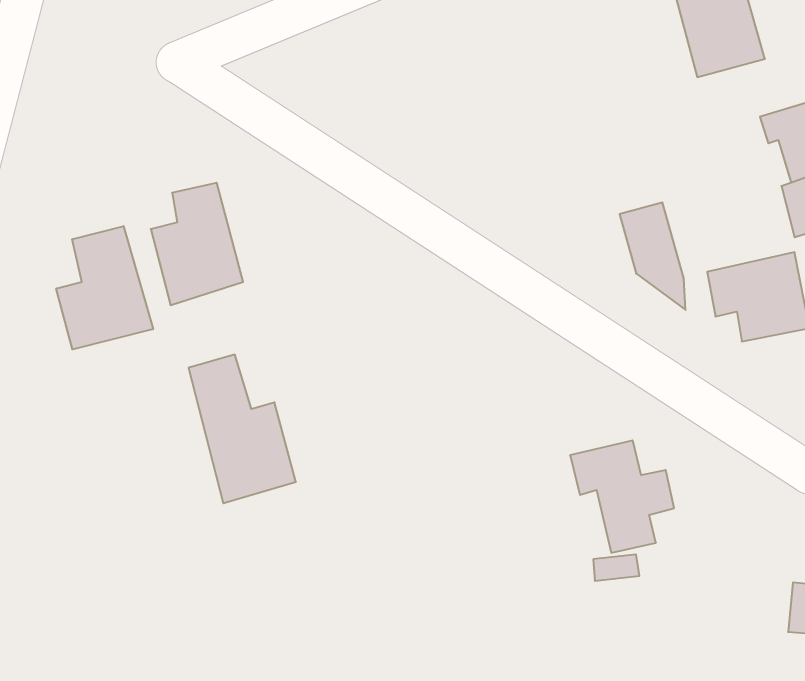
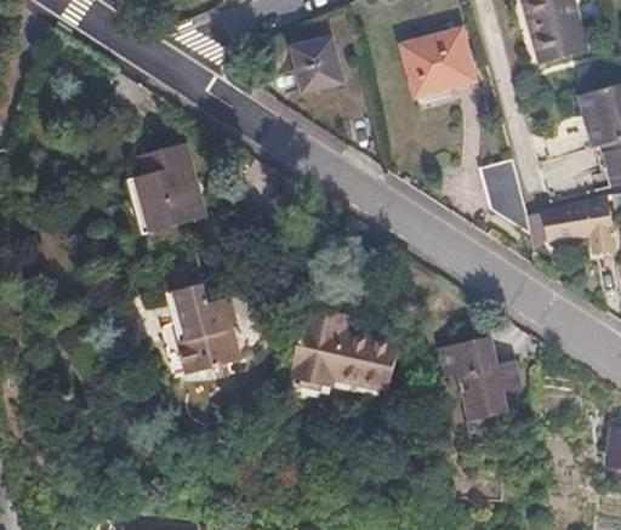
building: none -> [403,40,473,99]
building: none -> [296,46,342,98]
building: [56,226,153,349] -> none
building: none -> [301,314,406,388]

